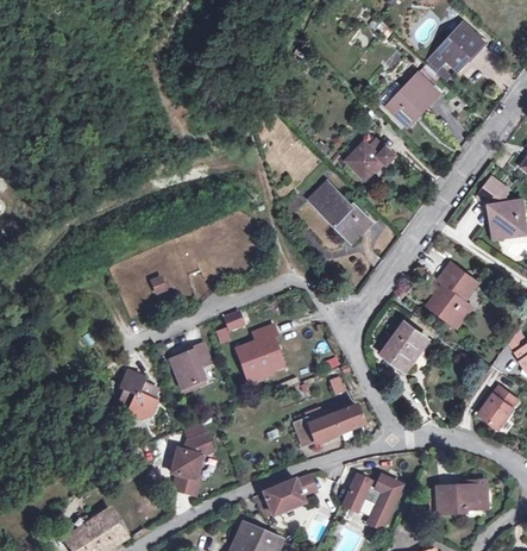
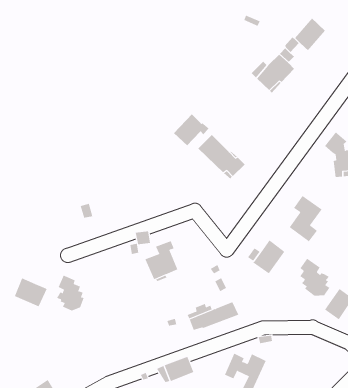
building: [346,134,395,179] -> [173,114,209,146]
building: [170,344,209,388] -> none
building: none -> [299,258,330,296]
building: none -> [14,278,48,307]
building: [171,433,212,494] -> none
building: [438,482,484,513] -> none

